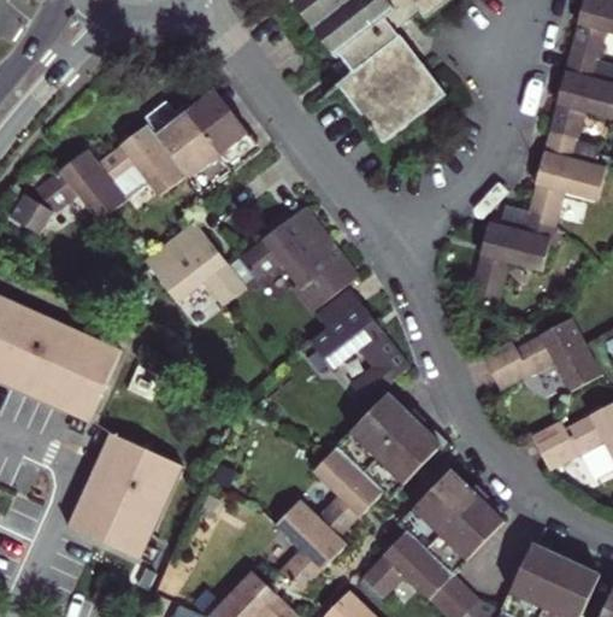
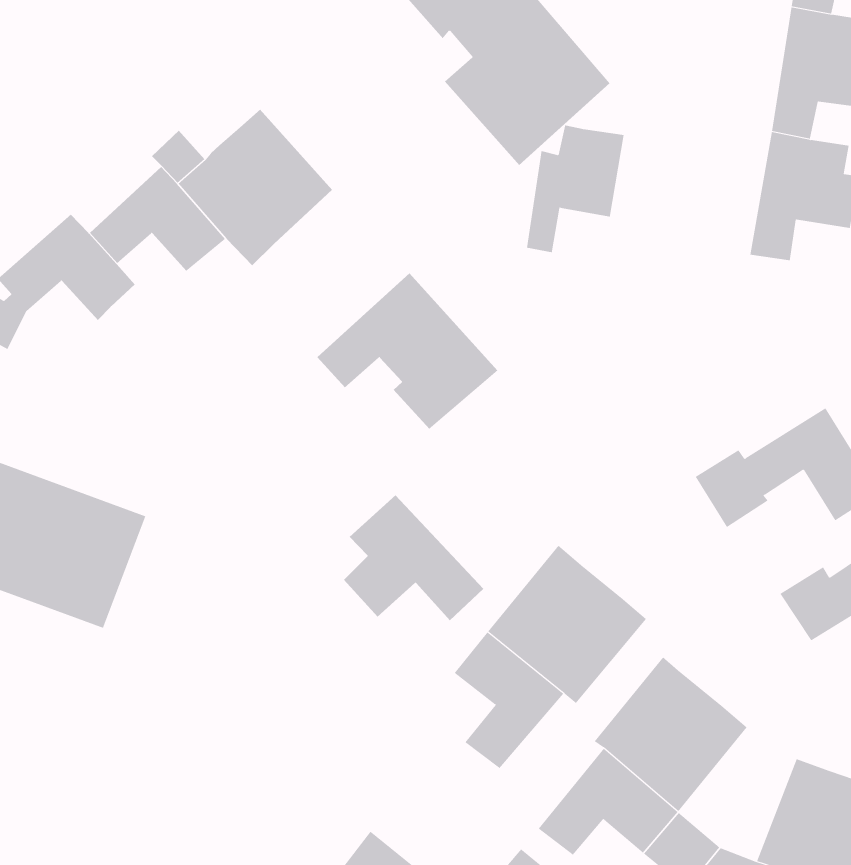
building: [484,208,554,292] -> [526,125,624,253]
building: [145,222,246,305] -> none
building: [310,288,401,374] -> [343,494,484,621]
building: [65,435,181,560] -> none
building: [277,499,347,589] -> none

